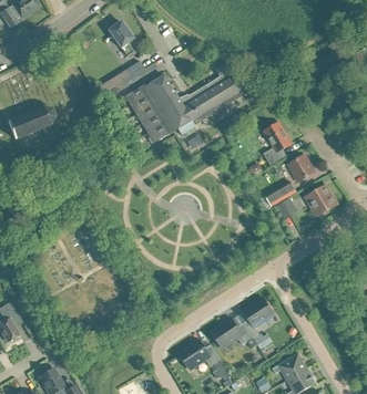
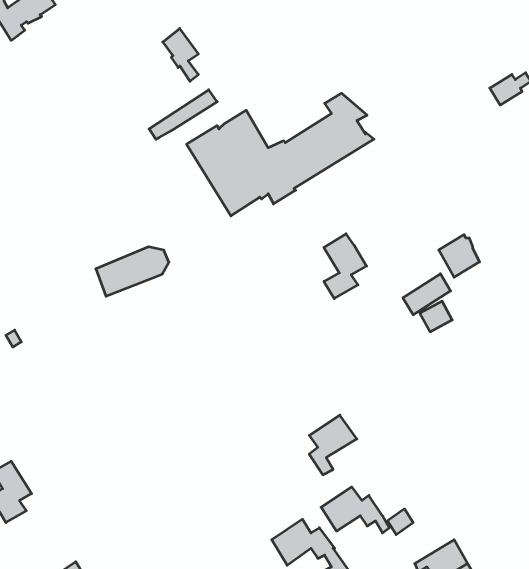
building: [8,106,55,138] -> [96,247,169,296]
building: [264,123,292,165] -> [324,234,367,299]
building: [299,185,337,216] -> none
building: [243,299,274,338] -> [309,415,357,475]

